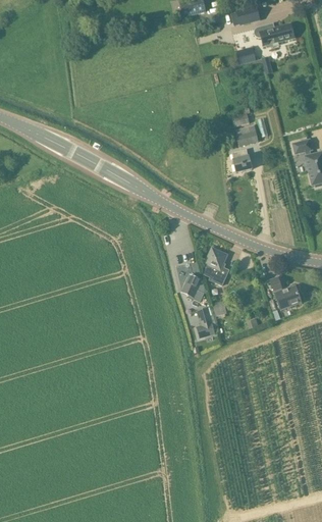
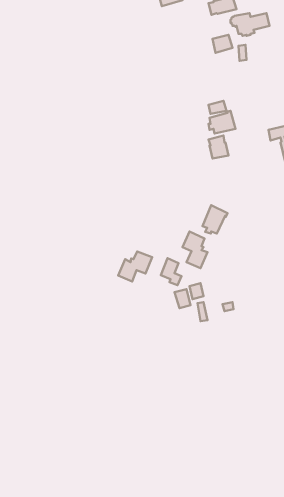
building: none -> [202,205,228,234]
building: none -> [118,252,152,281]
building: [270,276,301,308] -> none

